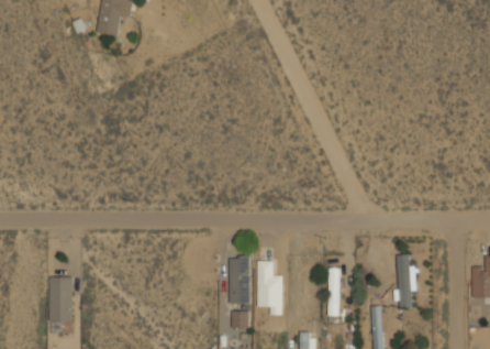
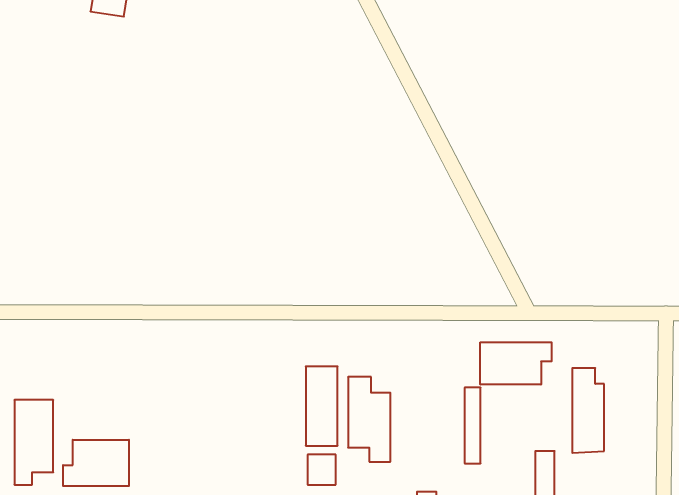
building: none -> [480,342,552,385]
building: none -> [63,440,129,486]

